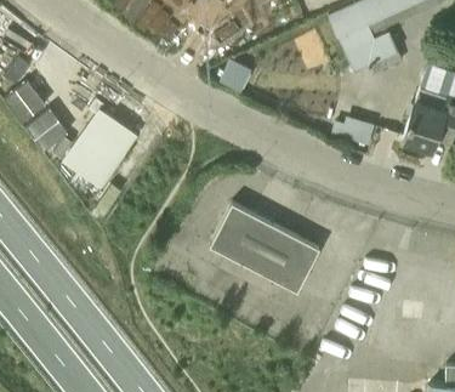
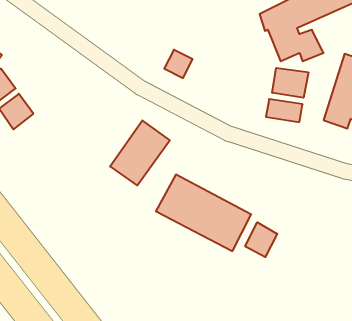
building: none -> [272,68,308,98]
building: [68,113,137,188] -> [110,120,170,185]
building: none -> [245,222,277,257]

